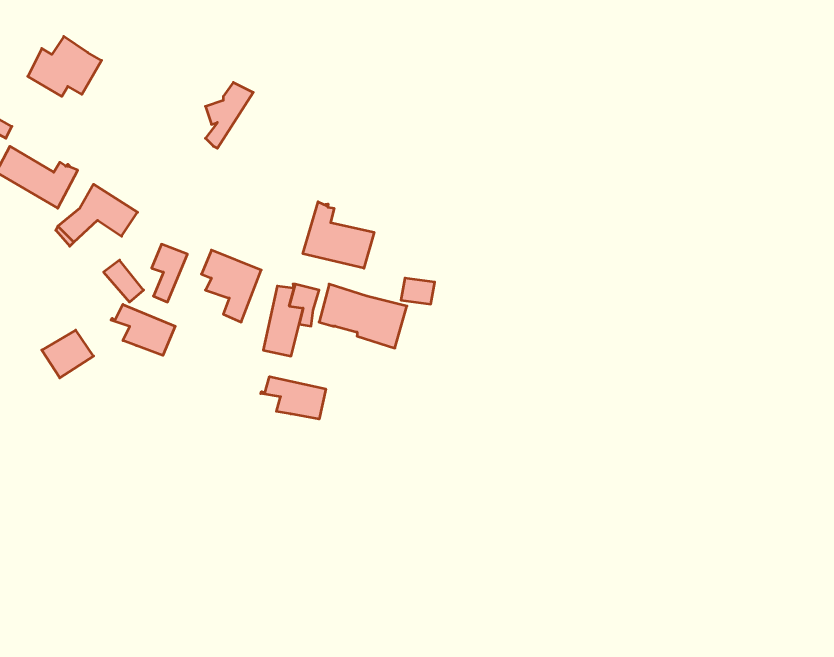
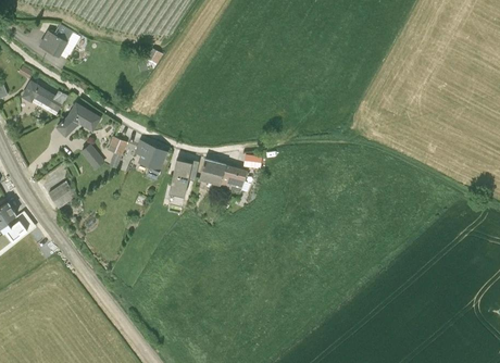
building: [303,202,374,268] -> none
building: [111,304,175,355] -> none
building: [261,377,326,419] -> none

